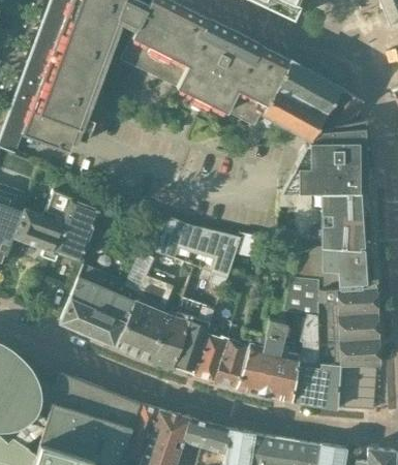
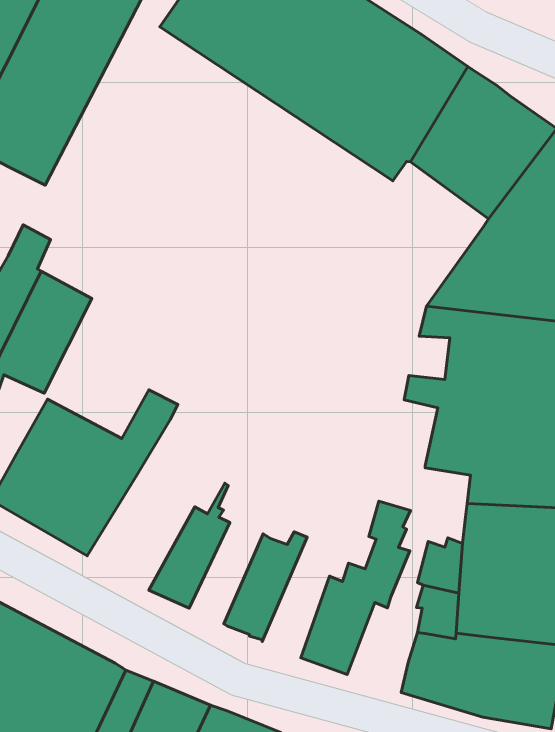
building: [157,219,242,279] -> none
building: [116,269,177,362] -> none
building: [283,279,316,317] -> none
building: [174,301,216,375] -> none
building: [215,323,247,389] -> none
building: [263,350,299,402] -> none

